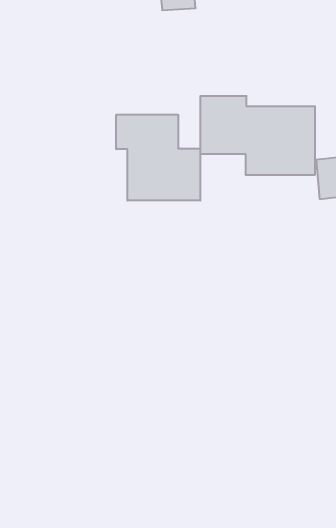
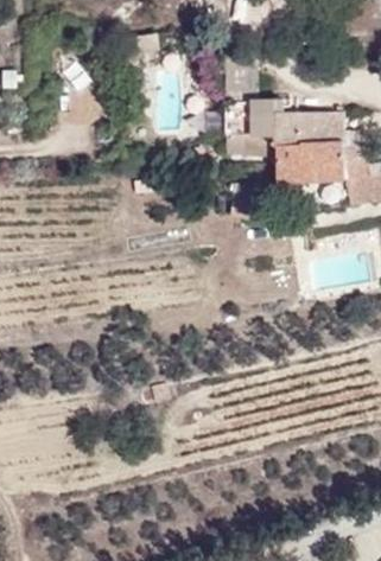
building: [116,115,200,201] -> none

